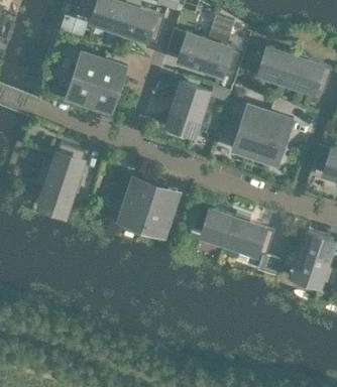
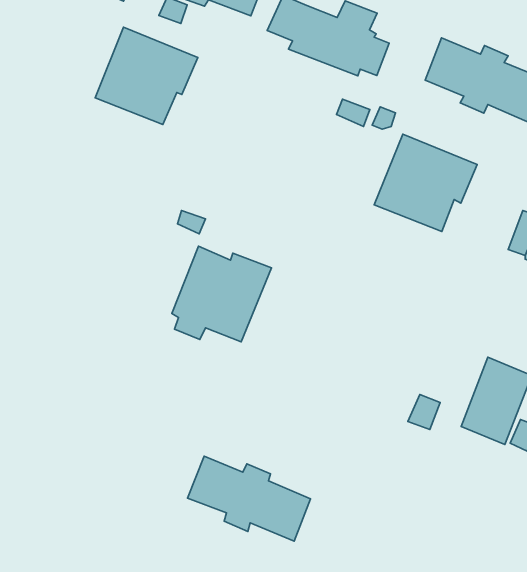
building: [166,85,207,134] -> none
building: [38,145,85,215] -> none
building: [202,212,273,258] -> [188,456,311,541]

